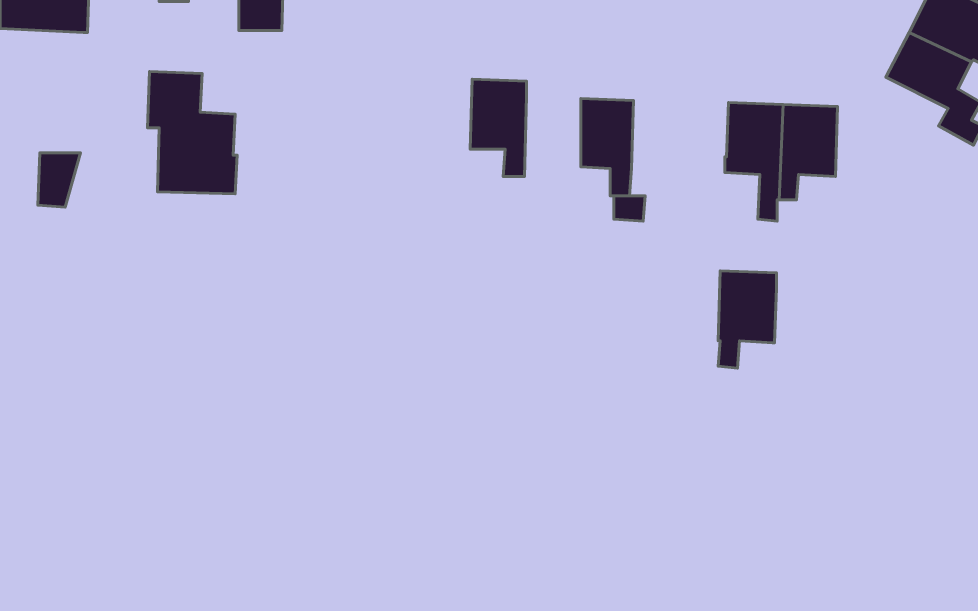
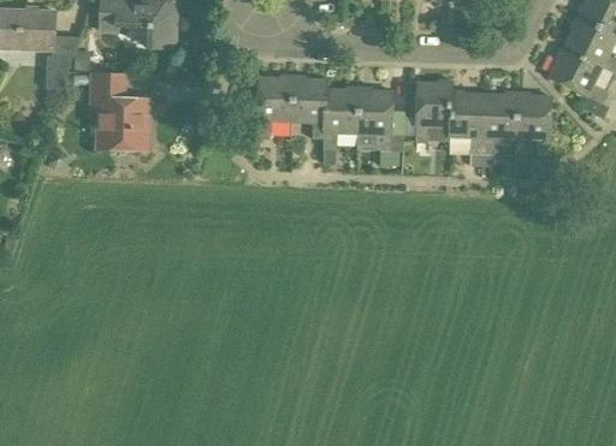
building: none -> [257,76,292,136]
building: none -> [322,88,360,147]
building: none -> [517,94,551,154]
building: [38,153,81,207] -> [46,54,72,88]
building: [718,271,776,368] -> [415,81,451,141]

